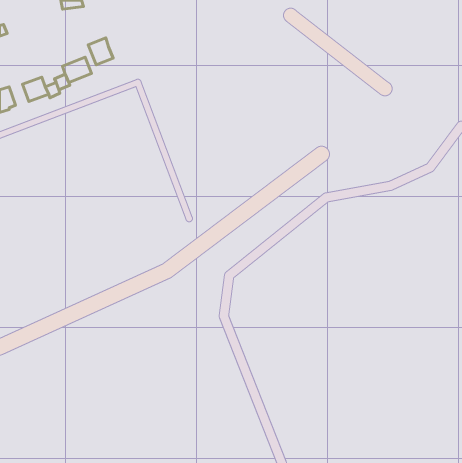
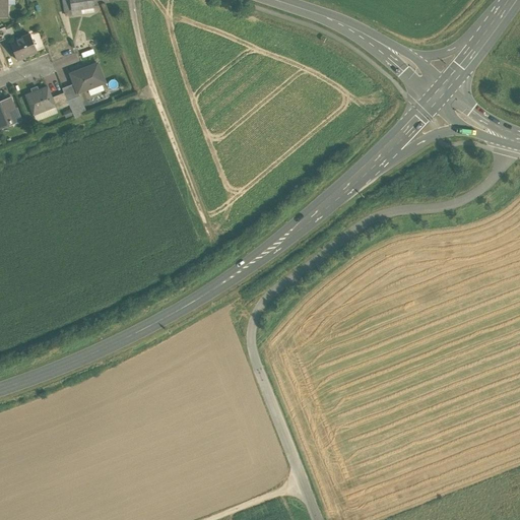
building: none -> [9,35,37,60]
building: [88,38,113,65] -> none

